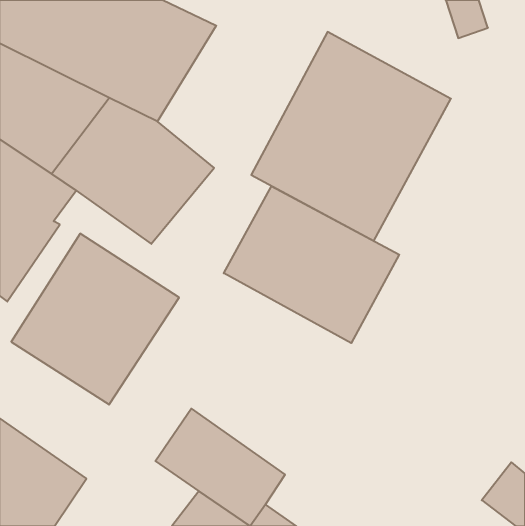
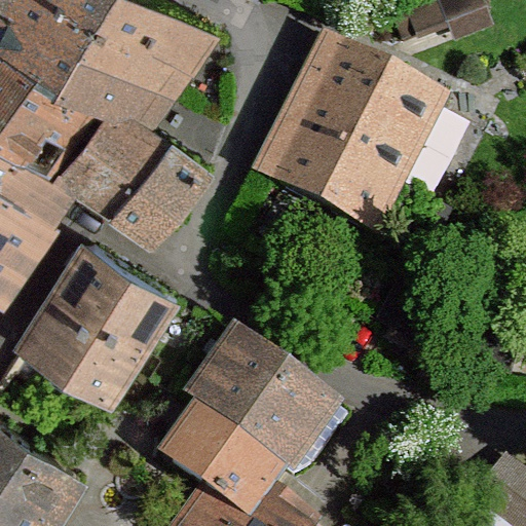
building: [224,186,399,343] -> none
building: none -> [181,331,344,480]

